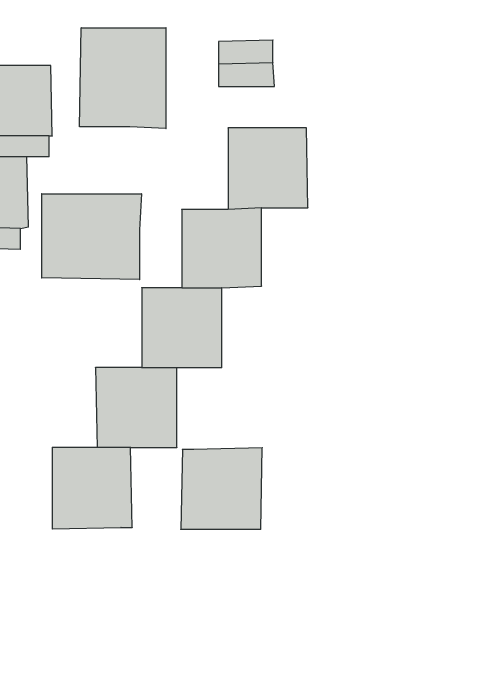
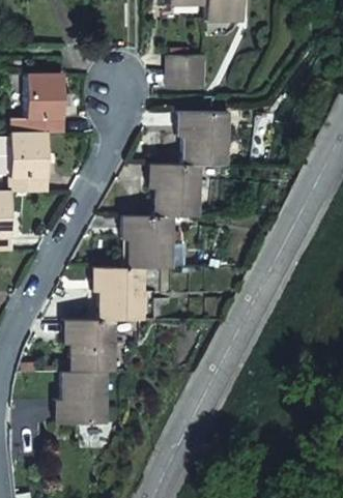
building: [80,28,166,129] -> none
building: [42,194,141,280] -> none
building: [181,448,262,529] -> [56,372,109,424]

